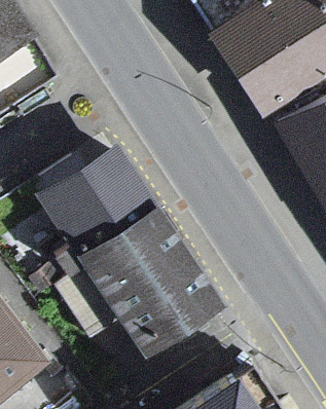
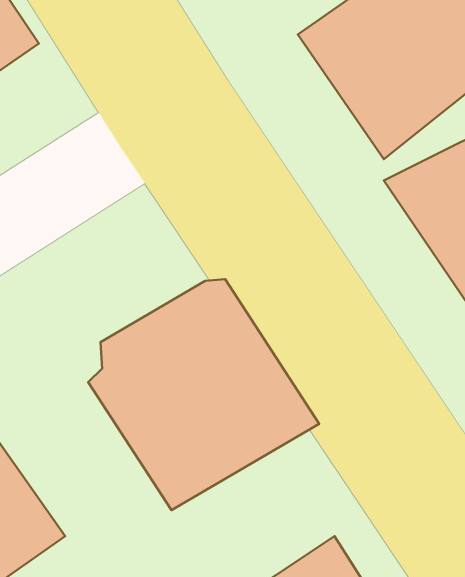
building: [35,143,151,245] -> none

